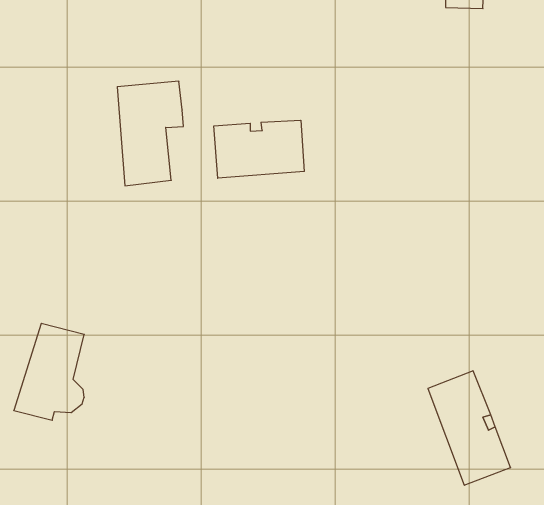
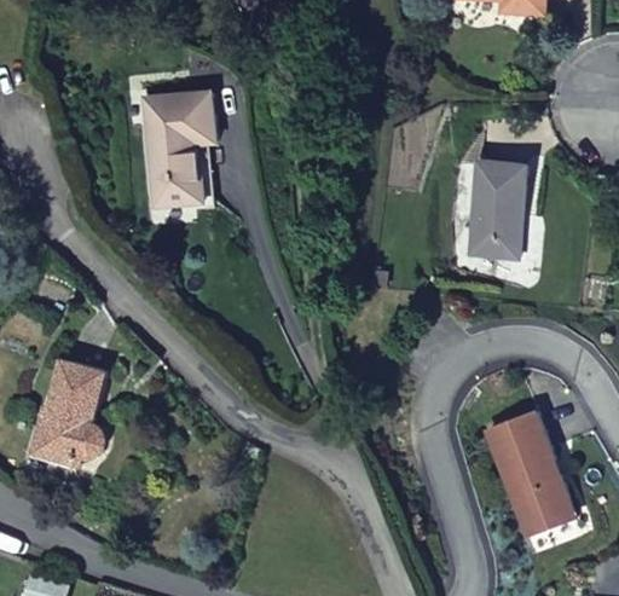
building: [214,120,304,178] -> none
building: none -> [469,163,526,258]

